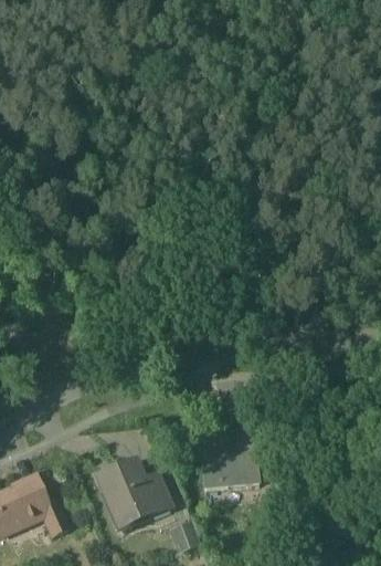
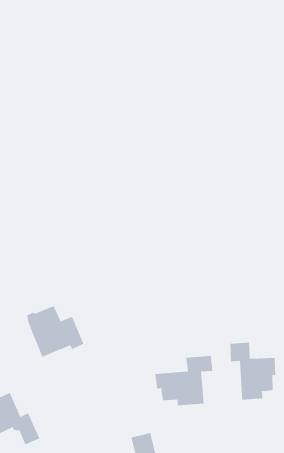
building: none -> [230,342,276,401]
building: [100,469,167,528] -> [26,305,84,357]

